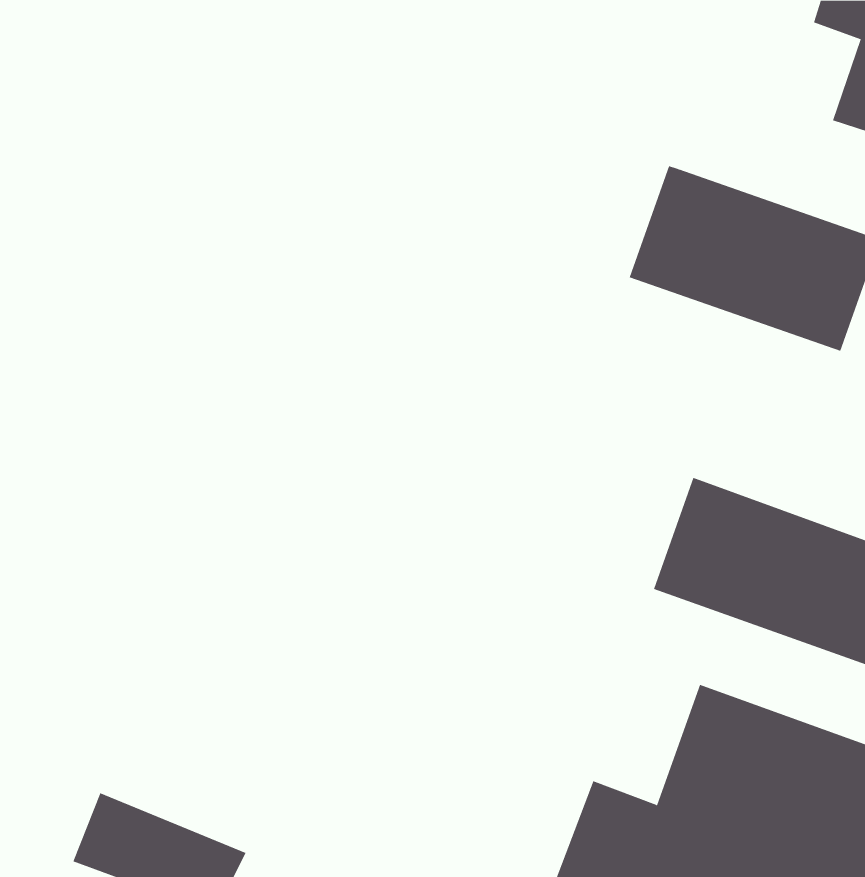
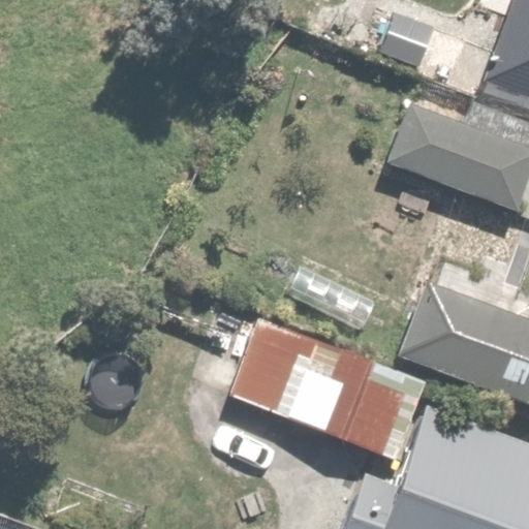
building: none -> [227,313,429,461]

